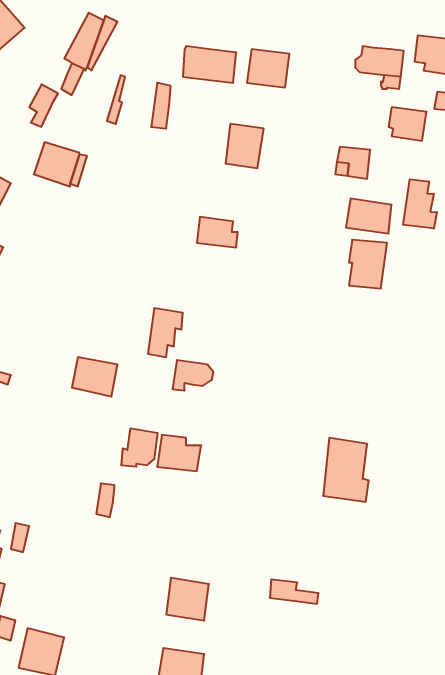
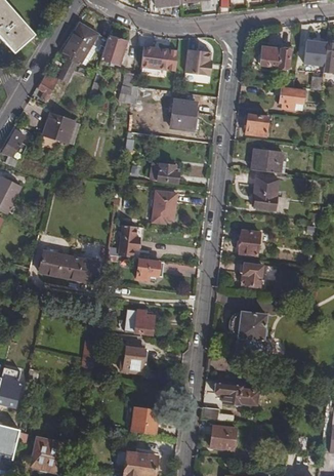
building: none -> [101,36,126,65]
building: [403,179,437,229] -> none
building: none -> [152,190,175,223]
building: none -> [238,229,259,253]
building: none -> [38,249,71,276]
building: none -> [238,263,261,286]
building: [121,429,158,467] -> [119,346,143,371]
building: none -> [214,380,257,404]
building: none -> [209,425,234,449]

